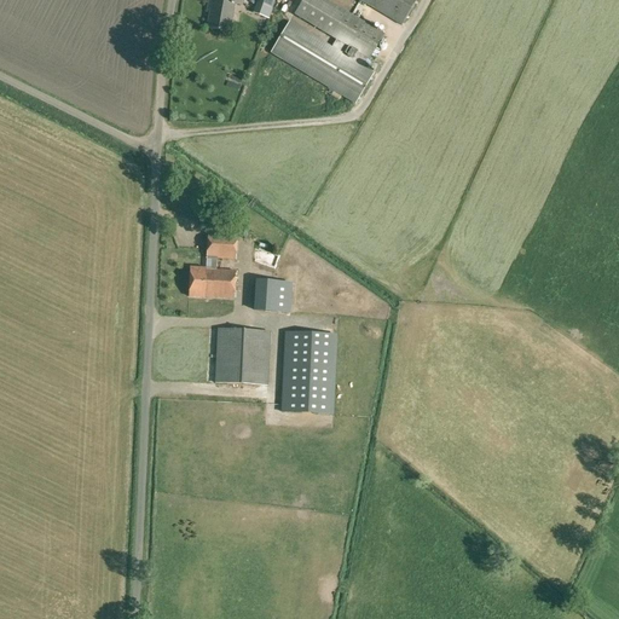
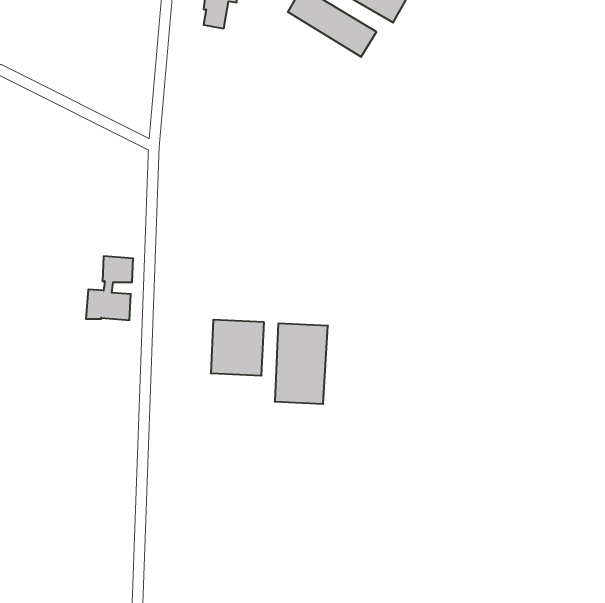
building: [272,21,374,102] -> none
building: [189,231,237,296] -> [86,256,133,320]
building: [259,278,296,307] -> none

